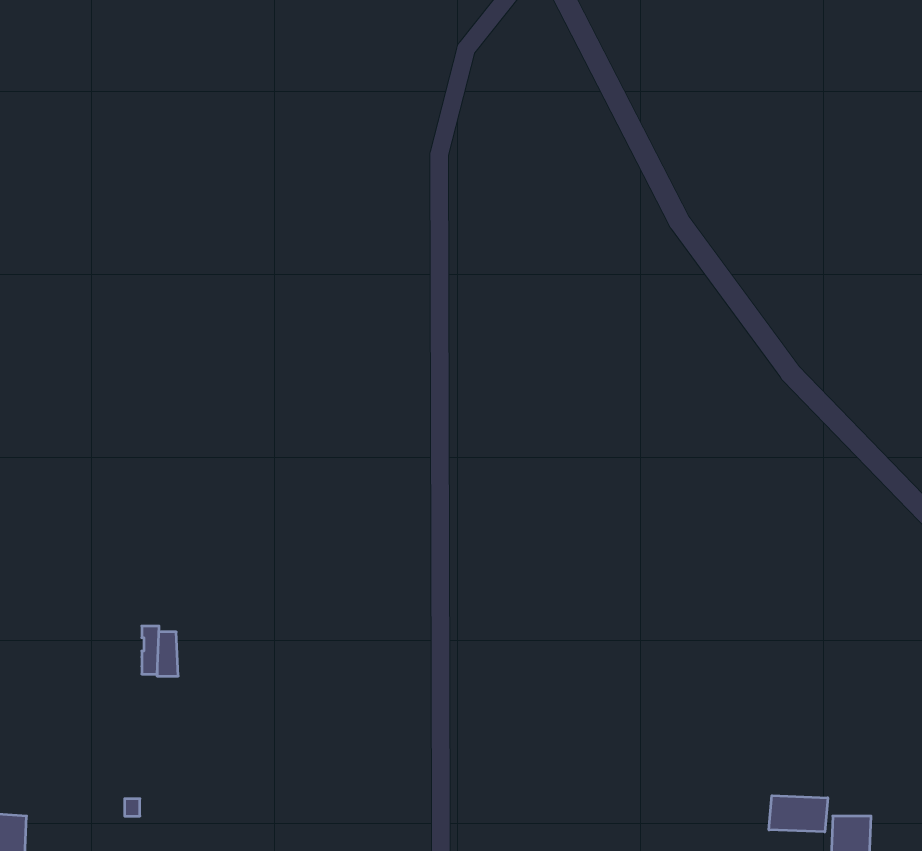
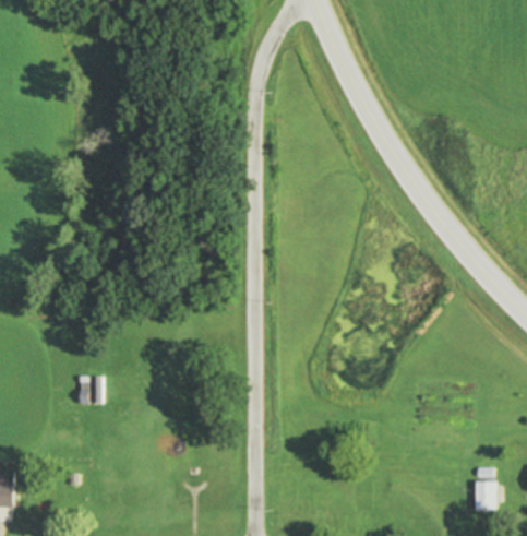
building: [769,796,828,832] -> none

